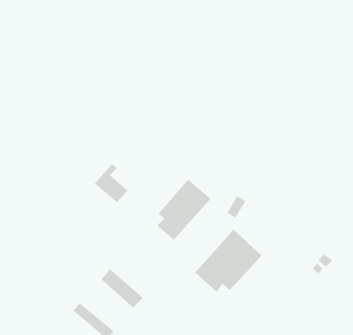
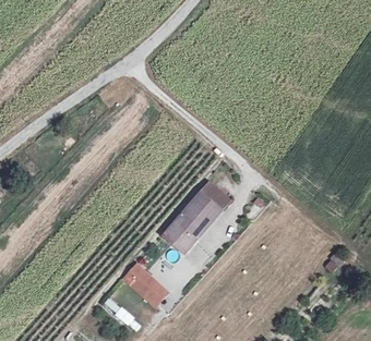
building: [94,164,128,203] -> [164,214,195,251]
building: [195,229,262,293] -> none

